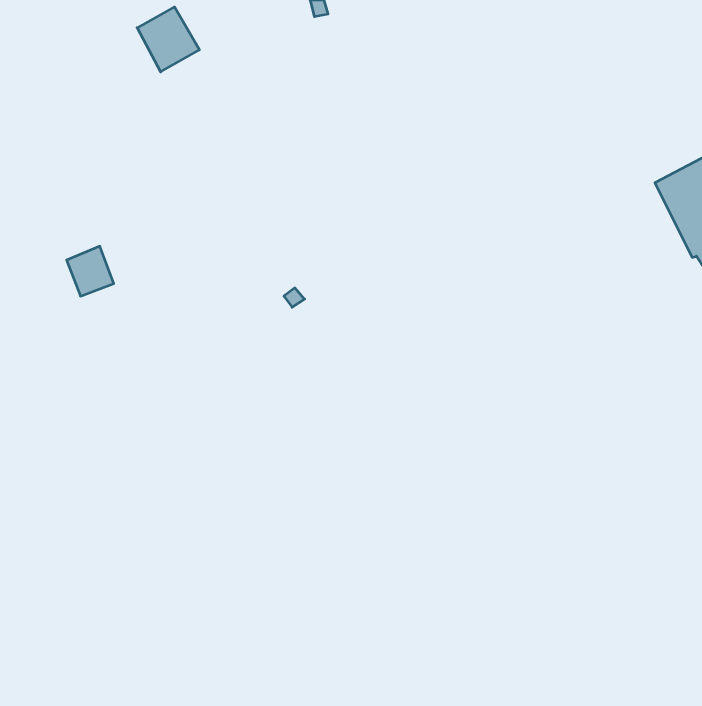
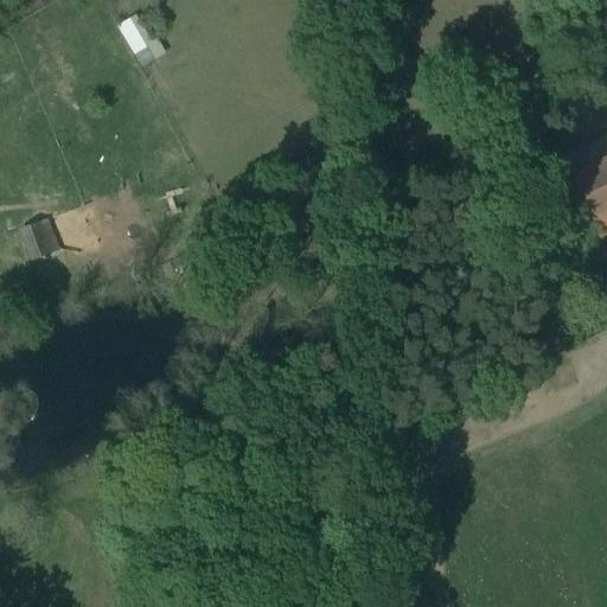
building: [67,246,114,296] -> [24,219,64,262]

